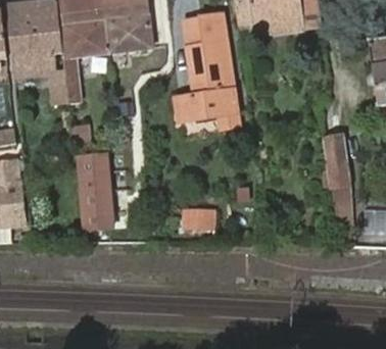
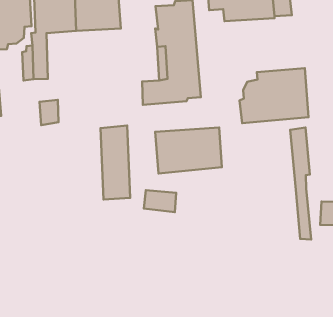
building: none -> [240,68,308,123]
building: none -> [155,128,222,173]
building: [76,157,109,233] -> [101,126,130,199]

